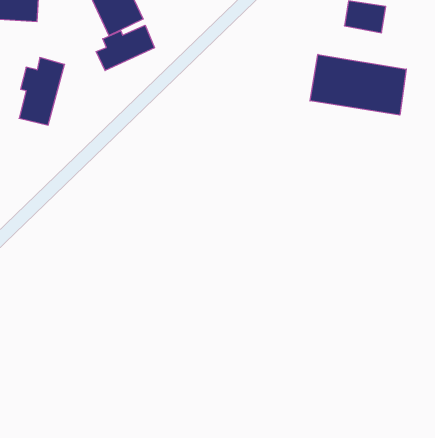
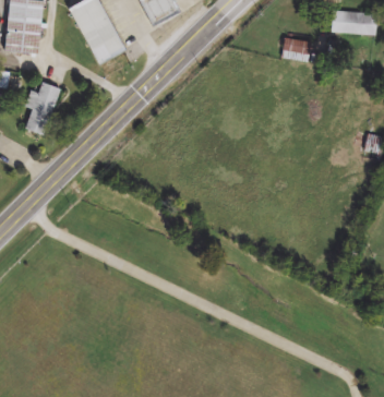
building: [96,25,155,71] -> none
building: [310,54,406,115] -> none

